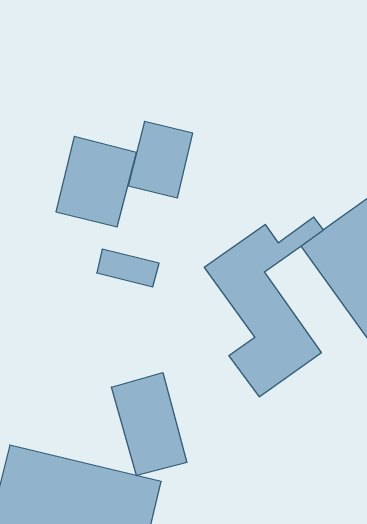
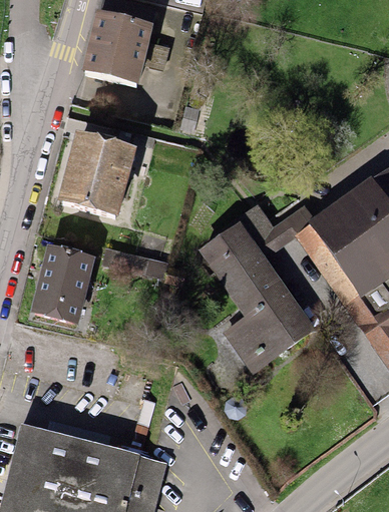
building: [128,121,193,198] -> [85,21,145,92]
building: none -> [33,241,97,320]
building: [111,373,187,476] -> none

